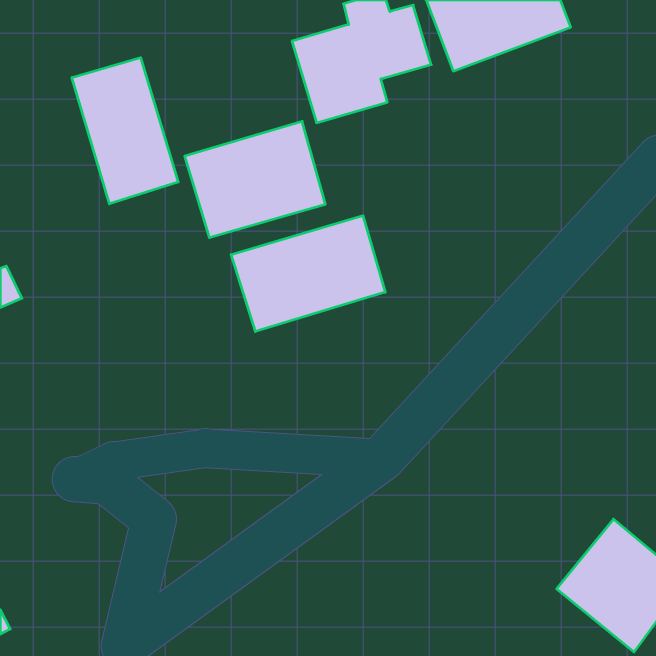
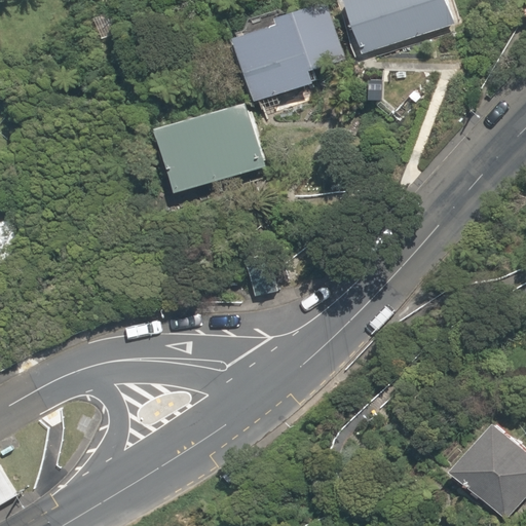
building: [72,58,178,204] -> none
building: [231,216,385,332] -> none

